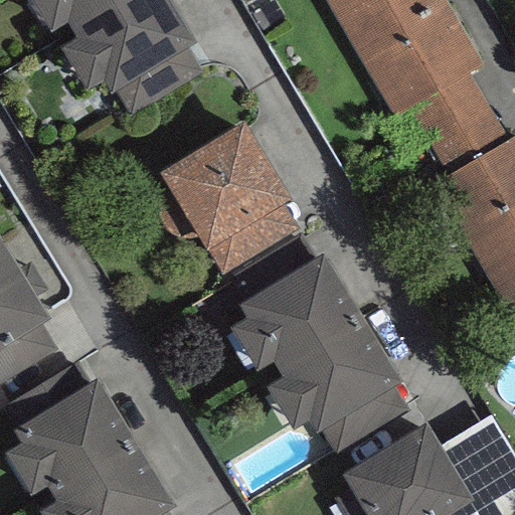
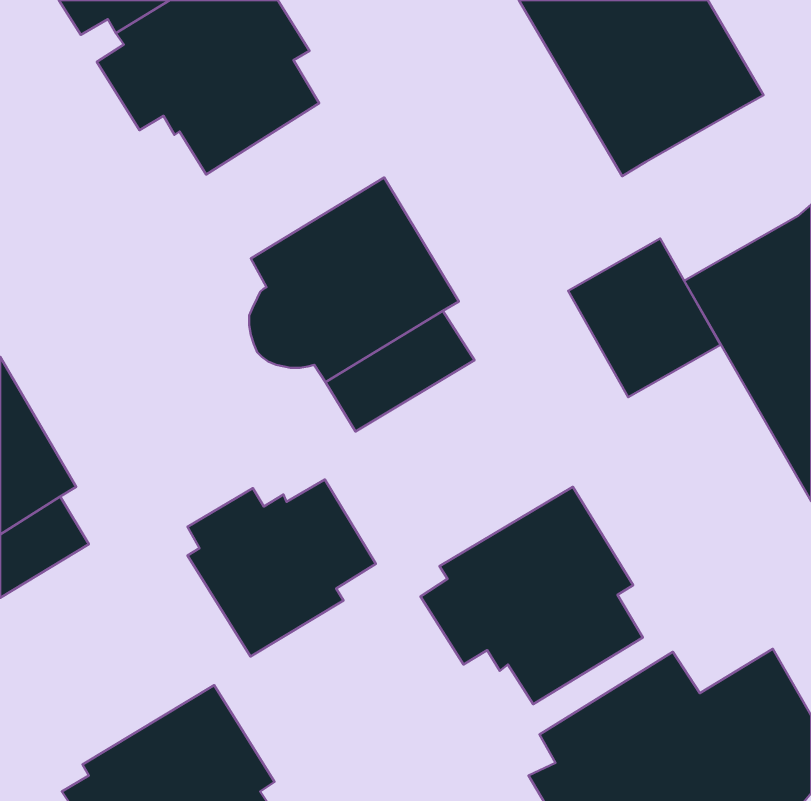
building: [409,75,506,176] -> [568,239,720,397]
building: [230,249,363,367] -> none
building: none -> [187,480,376,657]
building: [6,376,136,492] -> none

